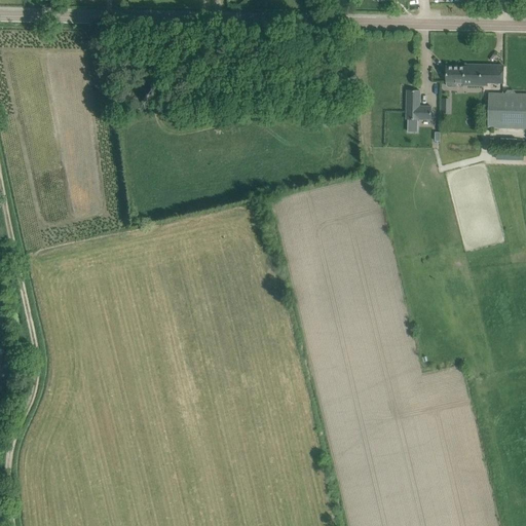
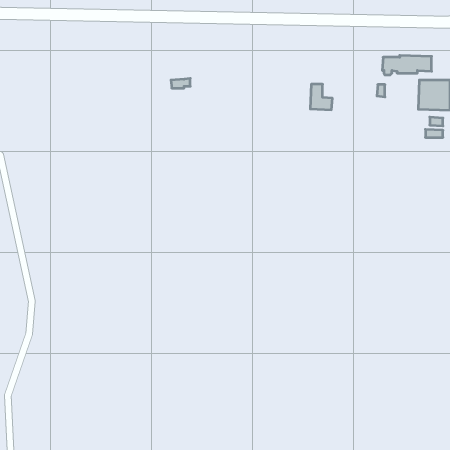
building: [406,90,431,120] -> [310,84,332,110]

